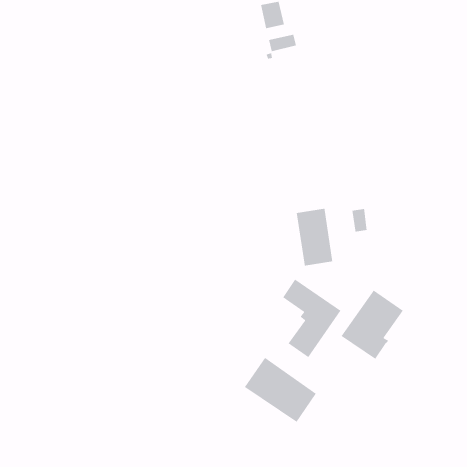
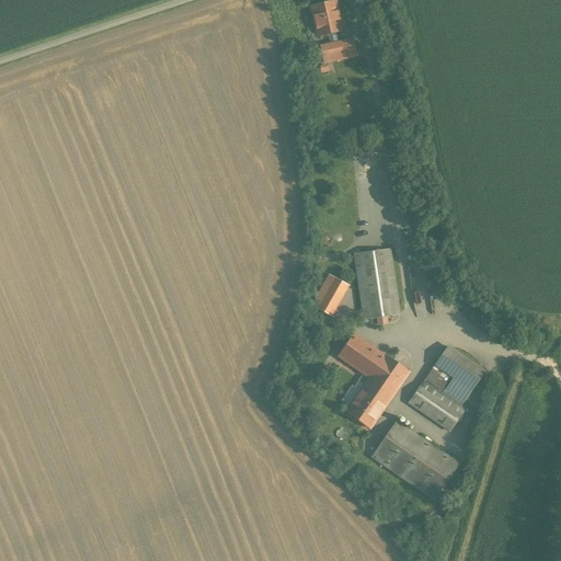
building: [351,208,367,232] -> none
building: none -> [313,274,347,314]
building: [244,357,317,423] -> [371,420,459,499]

